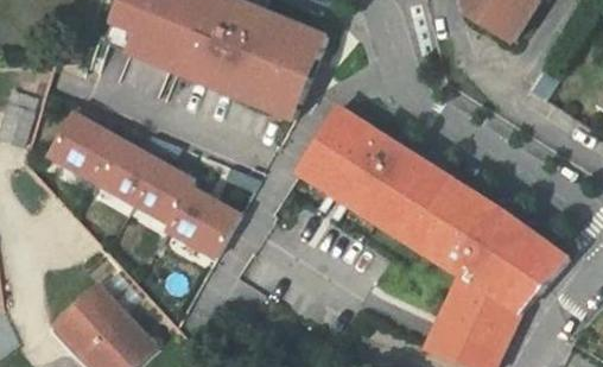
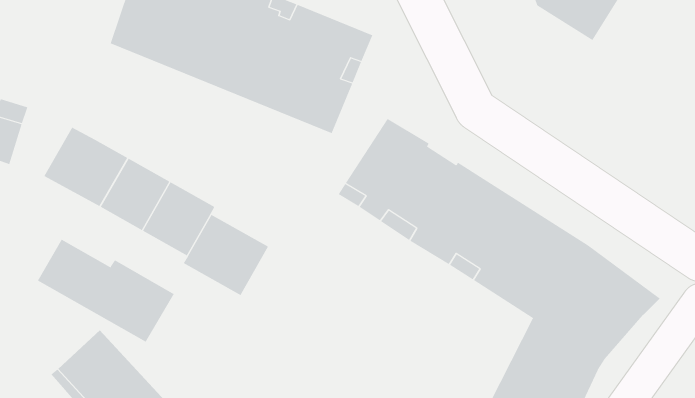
building: none -> [37,239,175,343]

